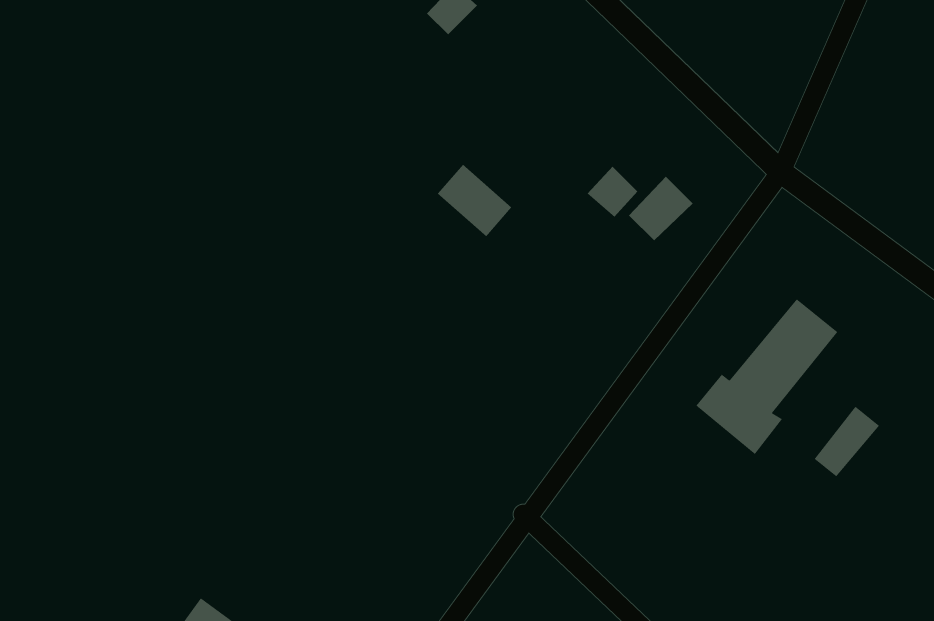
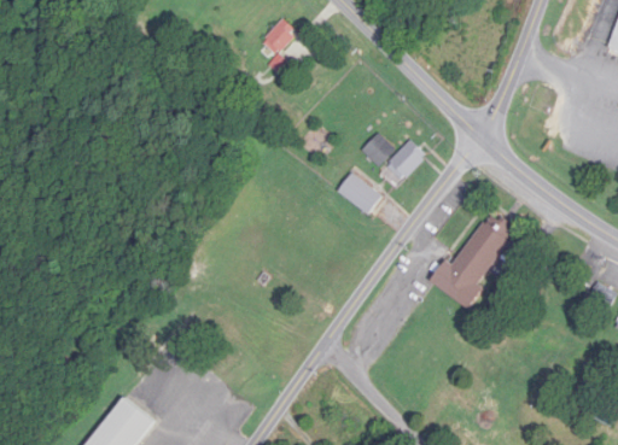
building: [437,164,512,237] -> [336,171,381,216]
building: [814,406,880,477] -> none

